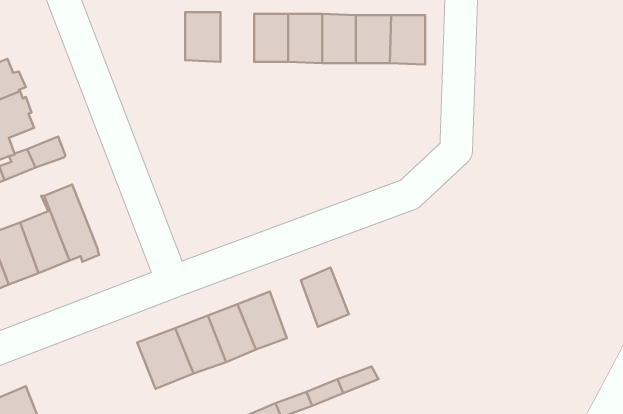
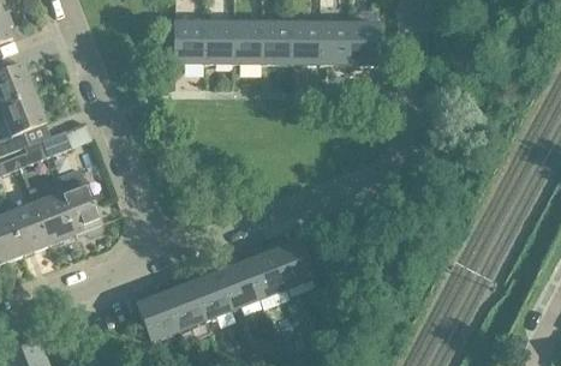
building: none -> [204,23,233,65]
building: none -> [246,251,287,300]

